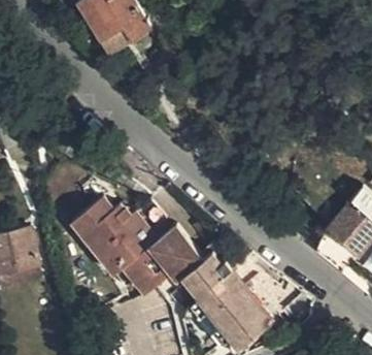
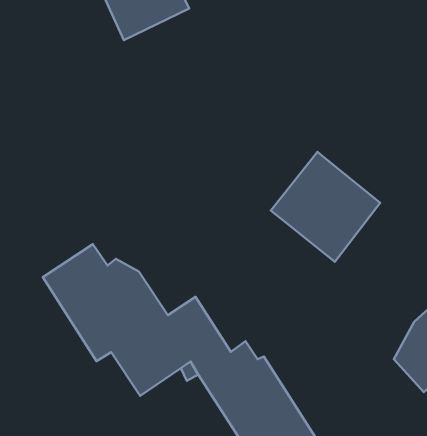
building: none -> [271,152,380,262]

